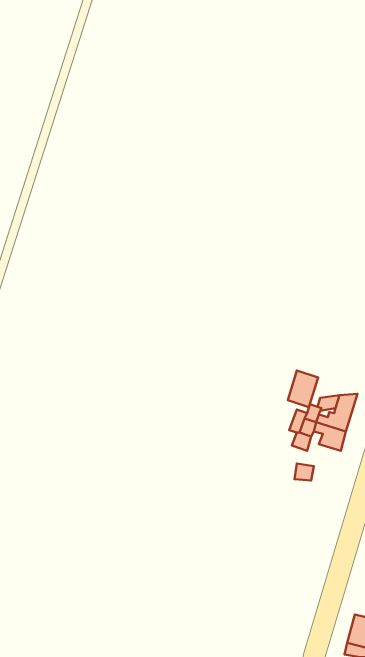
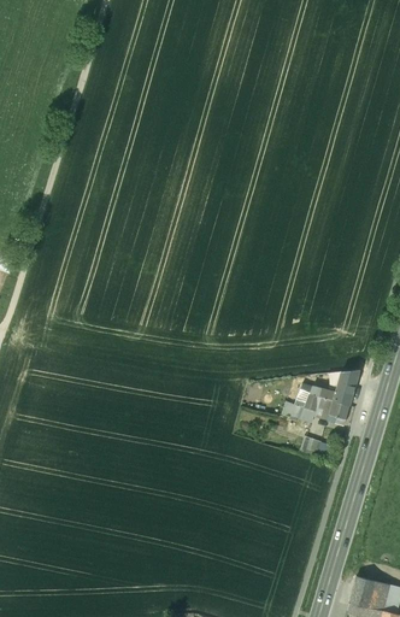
building: [288,370,318,407] -> none

